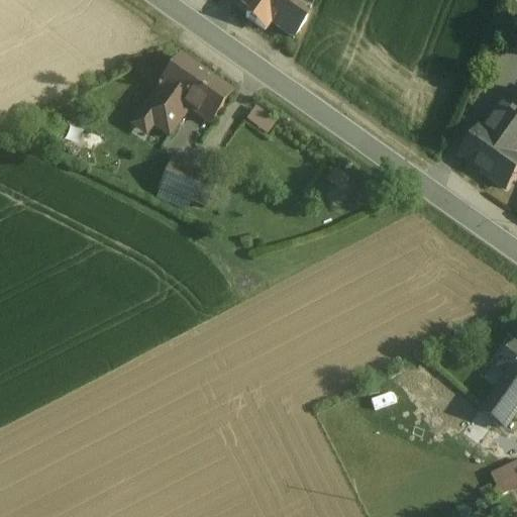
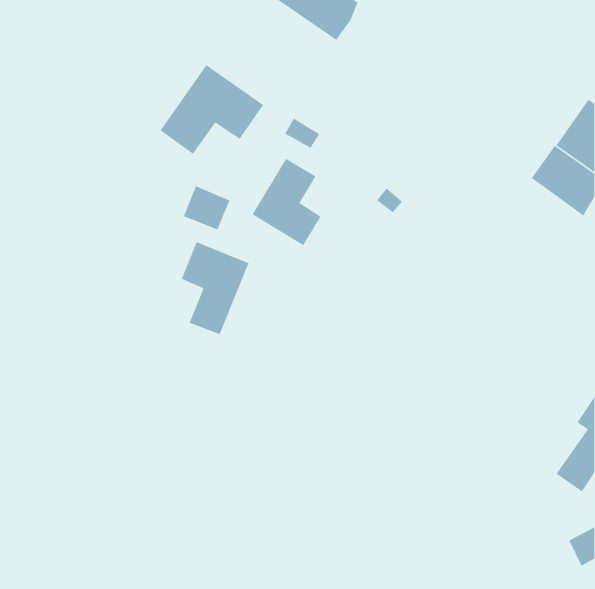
building: none -> [252,158,322,246]
building: none -> [181,241,250,335]

